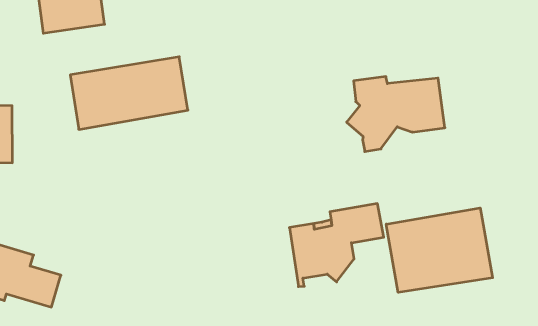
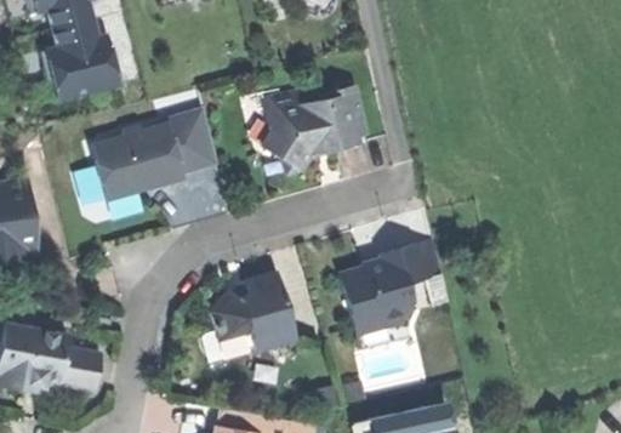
building: [347,77,445,152] -> [263,89,369,176]
building: [386,208,493,292] -> none
building: none -> [211,274,297,352]

